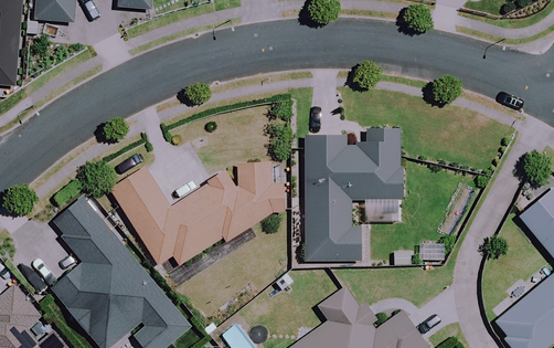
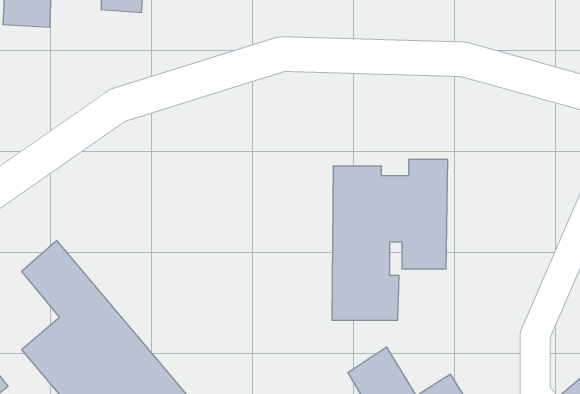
building: [110,160,285,264] -> none

